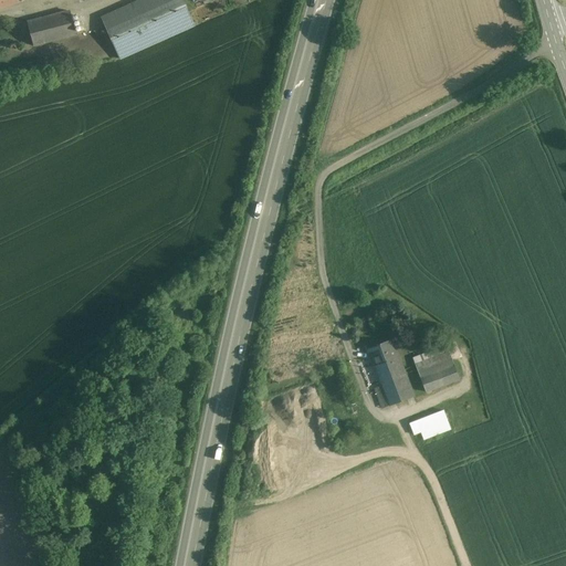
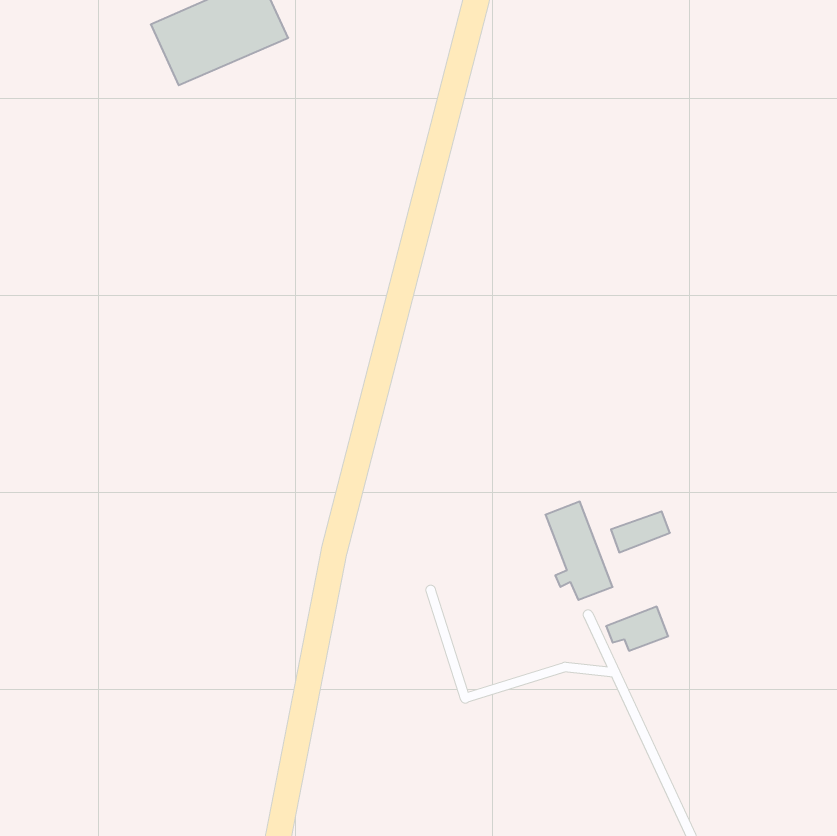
building: [28,10,76,45] -> none
building: [418,359,460,391] -> none

